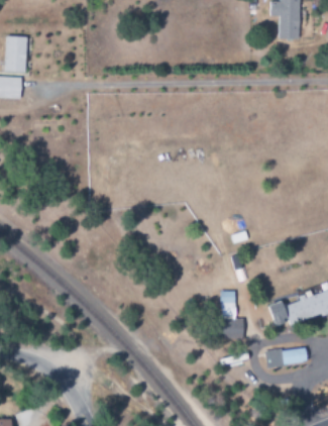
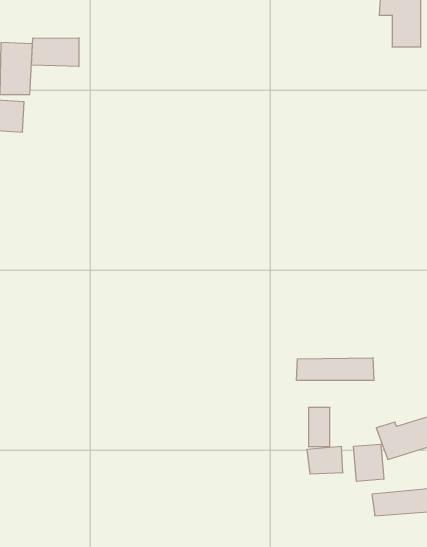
building: none -> [32,38,79,67]
building: none -> [297,358,374,380]
building: none -> [354,444,384,481]

